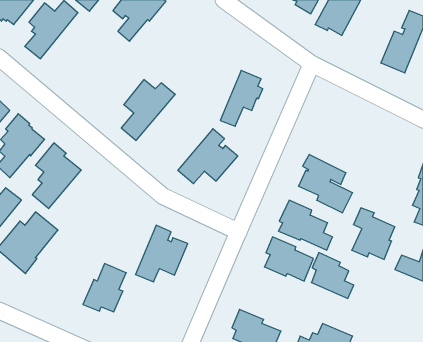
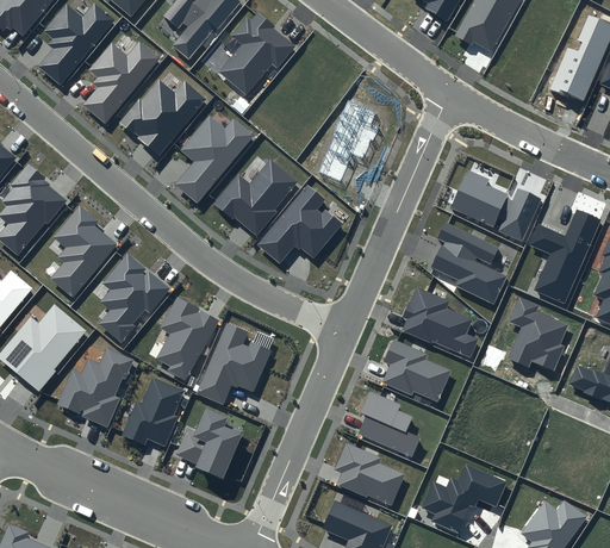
building: none -> [218,12,295,95]
building: none -> [83,41,160,123]
building: none -> [118,79,207,157]
building: none -> [212,157,298,237]
building: none -> [452,170,541,242]
building: none -> [529,210,600,303]
building: none -> [98,253,170,343]
building: none -> [156,298,219,381]
building: none -> [57,349,133,426]
building: [311,253,354,298] -> [359,391,419,456]
building: none -> [176,407,244,480]

